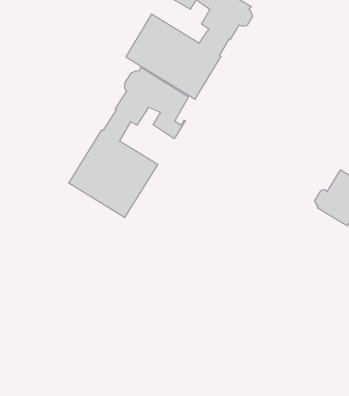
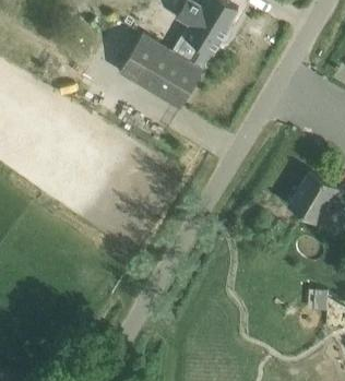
building: [69,67,189,218] -> none

